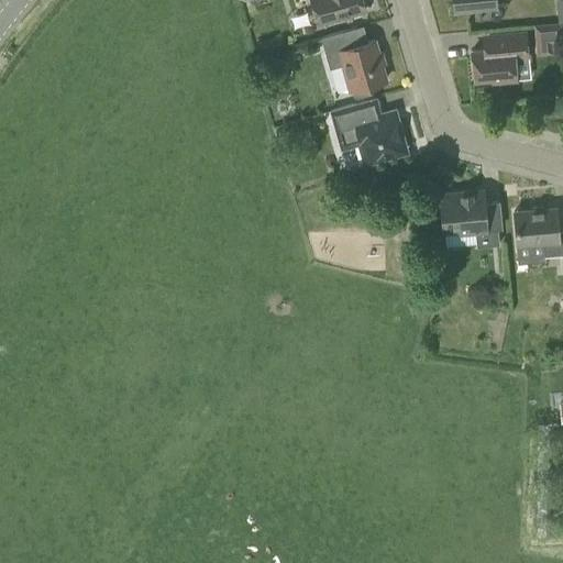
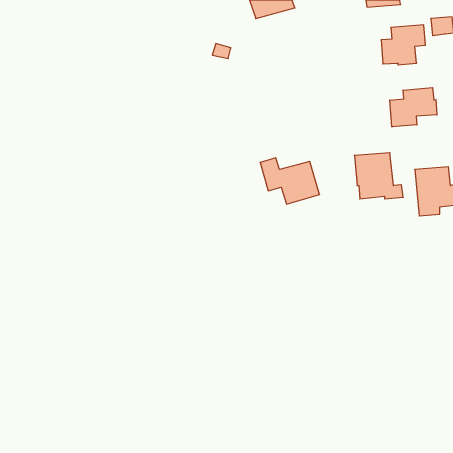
building: [321,31,387,98] -> none
building: [333,107,407,164] -> [260,158,320,204]
building: none -> [390,88,437,127]

